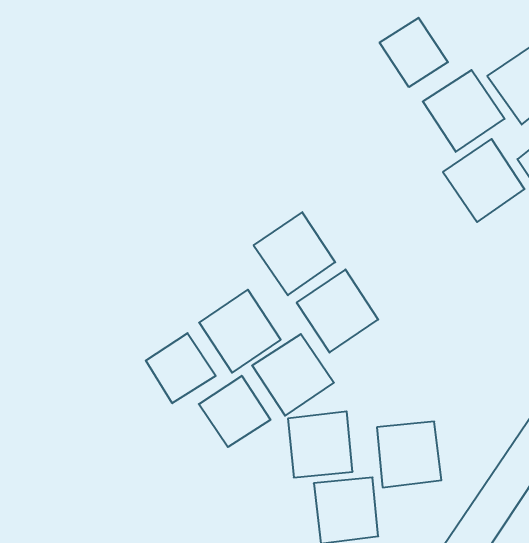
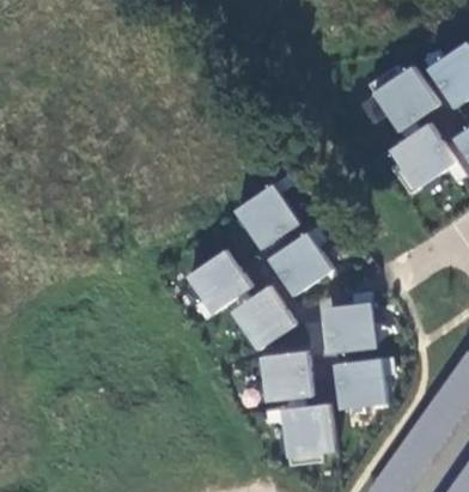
building: [380,18,448,87] -> none
building: [146,333,216,403] -> none
building: none -> [322,302,376,356]
building: [199,376,270,447] -> none

